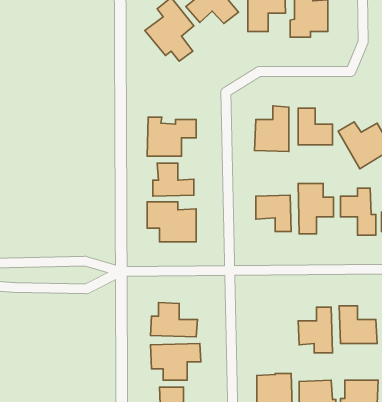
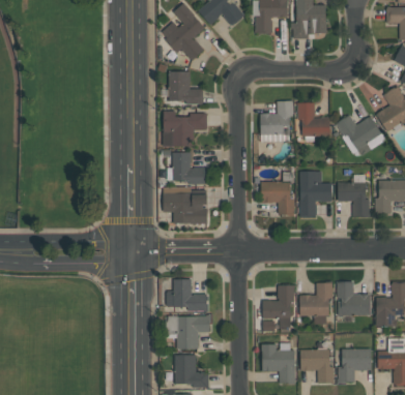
building: none -> [169,71,203,102]
building: none -> [262,284,293,331]

